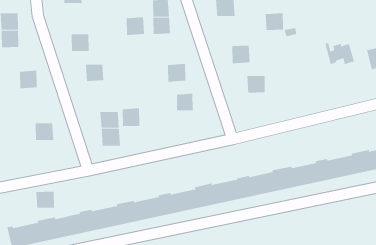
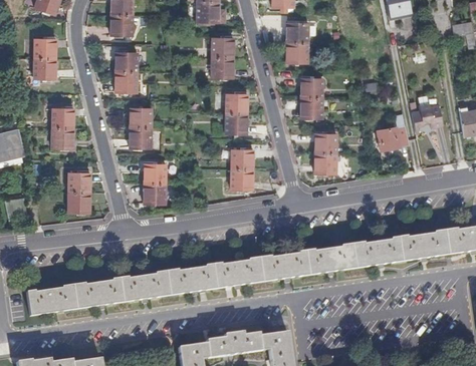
building: [265,13,284,30] -> [302,78,324,98]
building: none -> [116,51,138,72]
building: [126,17,145,36] -> [226,94,248,114]
building: none -> [378,113,411,150]
building: none -> [52,130,73,150]
building: none -> [316,153,338,174]
building: [122,108,140,126] -> [130,127,152,148]
building: none -> [233,168,253,190]
building: [36,191,55,208] -> [66,192,88,212]

